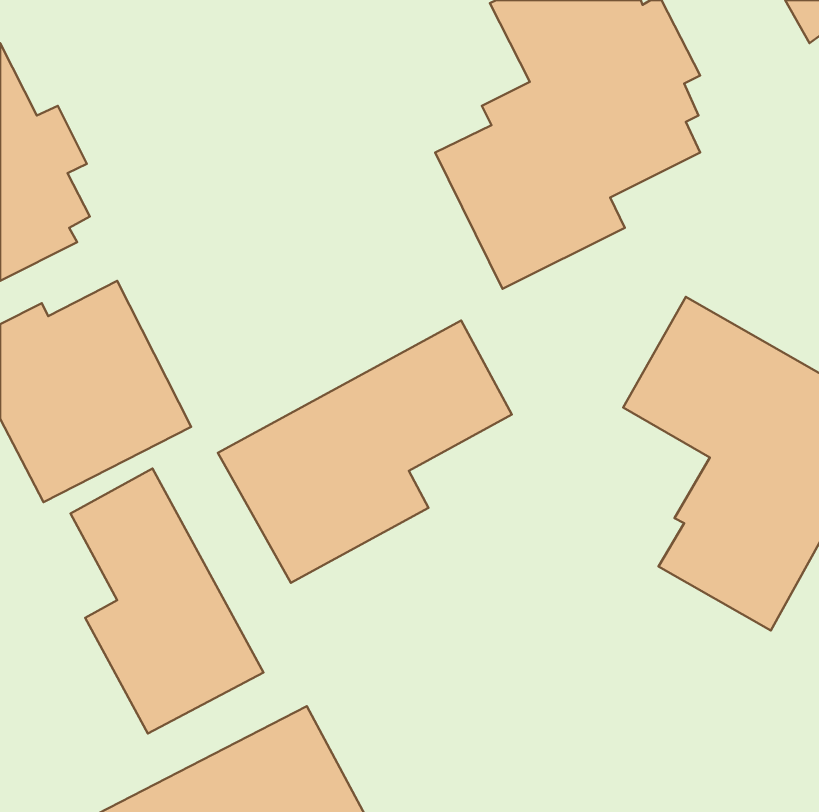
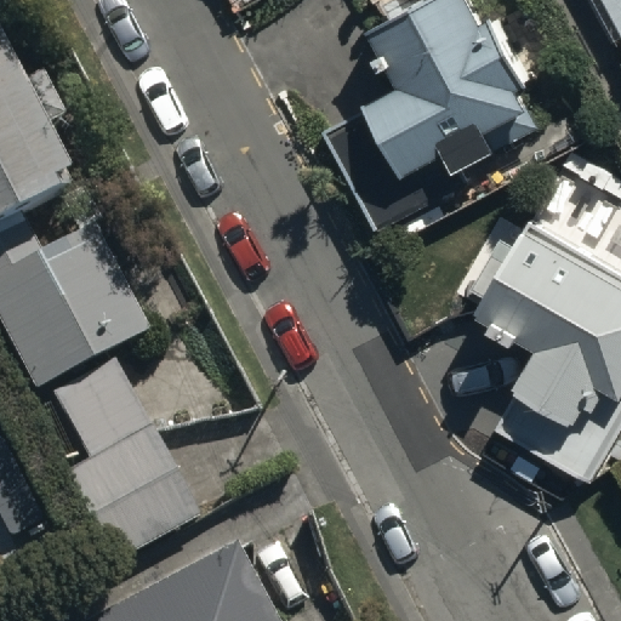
building: [218,321,512,583] -> none

